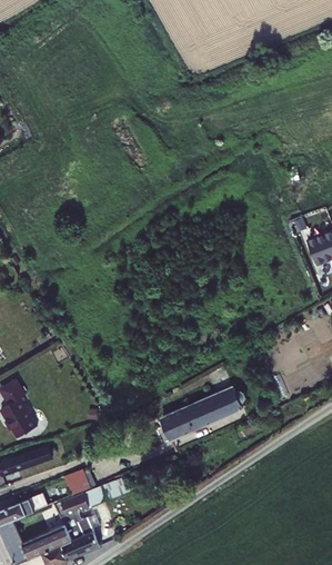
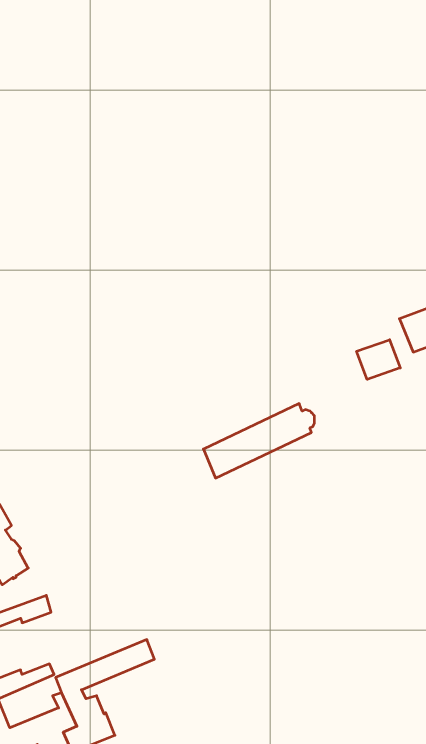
building: none -> [357,340,400,379]
building: [164,386,245,440] -> [203,404,314,478]
building: [63,466,90,494] -> none

